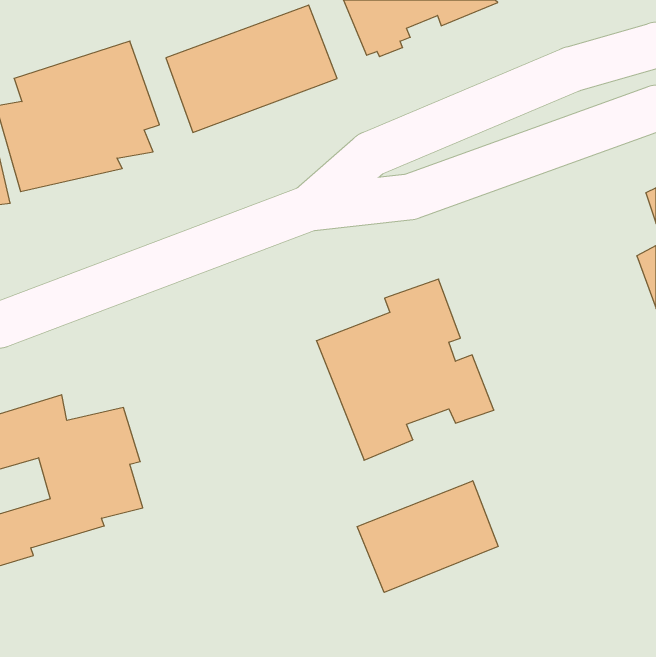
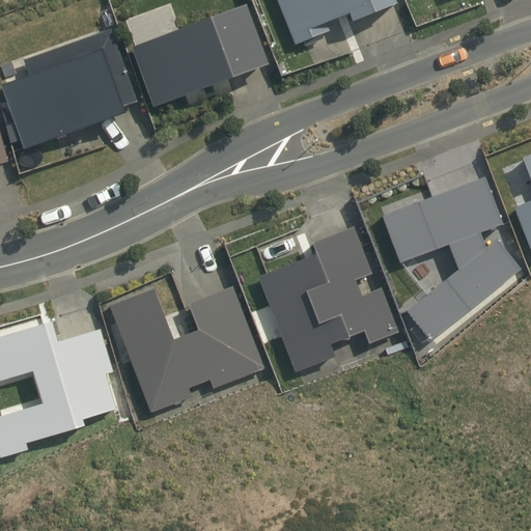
building: none -> [381,174,522,340]
building: none -> [108,286,263,412]
building: [357,481,498,592] -> none

